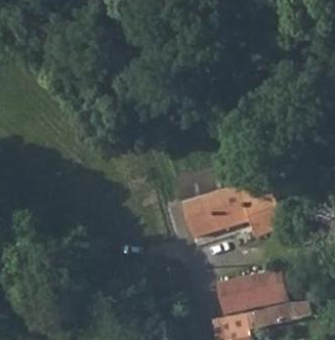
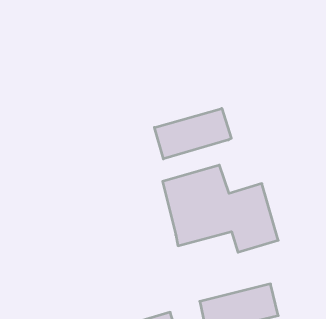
building: none -> [154,108,231,159]

